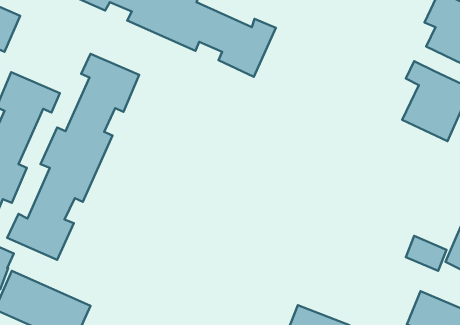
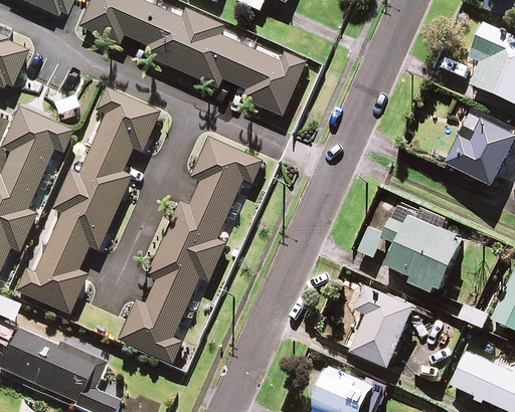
building: none -> [112,136,263,364]
building: none -> [355,204,464,292]
building: none -> [349,283,415,368]

